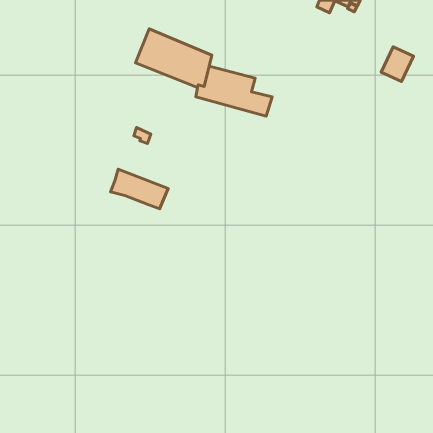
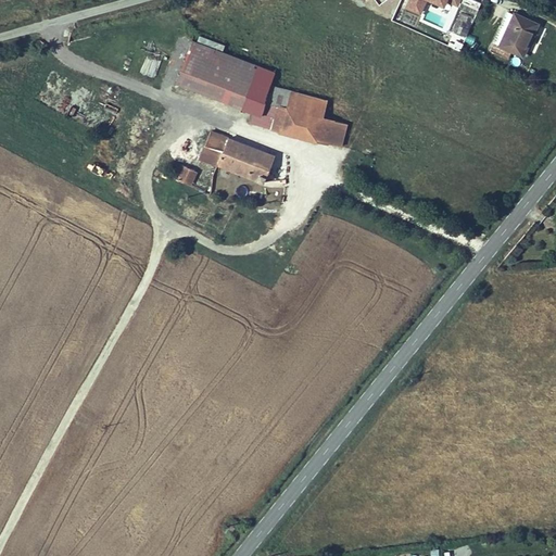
building: [381,47,413,82] -> [500,14,541,59]
building: [111,169,168,209] -> [200,131,274,182]

